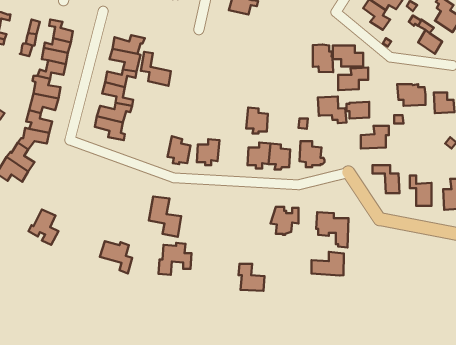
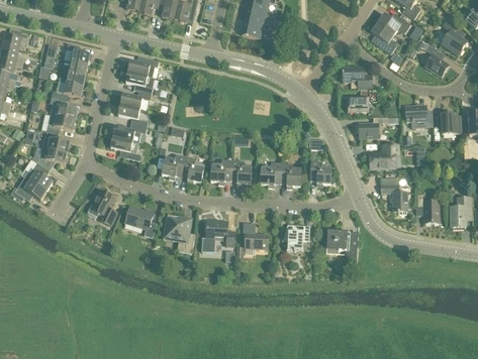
building: [313,45,333,72] -> none
building: [141,52,171,86] -> none
building: [318,97,346,123] -> none
building: [246,108,268,134] -> [229,159,251,185]
building: none -> [161,153,185,178]
building: [28,209,59,245] -> [87,190,116,224]
building: [100,241,132,273] -> [124,206,156,237]
building: [158,243,192,275] -> [201,220,233,251]
building: [311,252,344,275] -> none
building: [239,264,265,291] -> [242,222,267,248]

